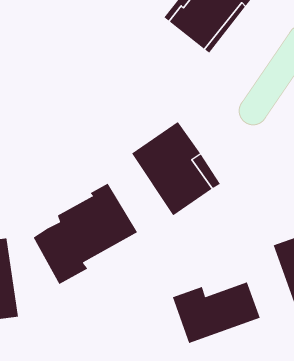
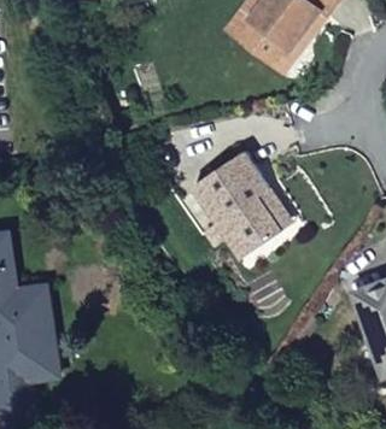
building: [33,183,138,285] -> none
building: [172,282,261,344] -> none

